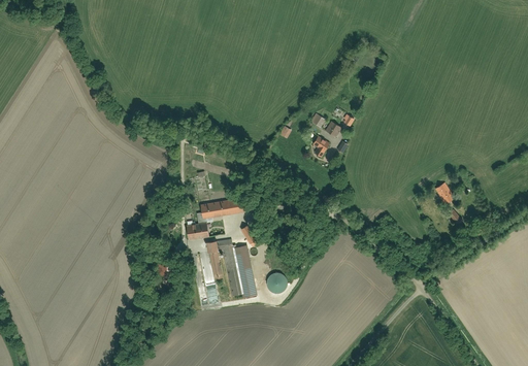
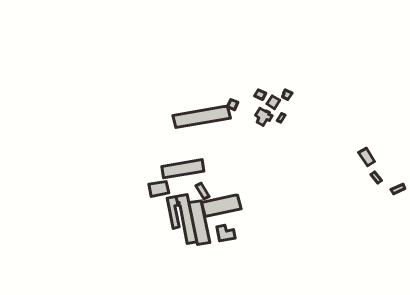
building: none -> [173,106,230,127]
building: none -> [202,195,241,216]

